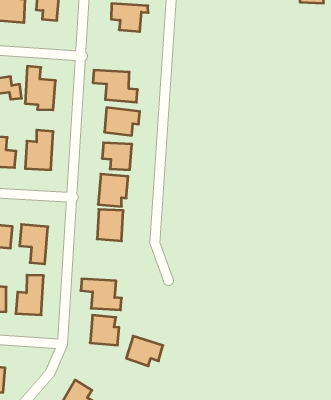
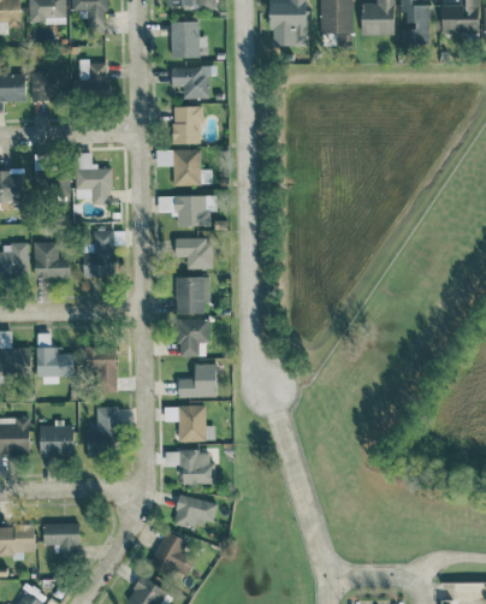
building: none -> [172,106,202,144]
building: none -> [178,363,217,397]
building: [126,336,163,366] -> [173,495,217,529]

